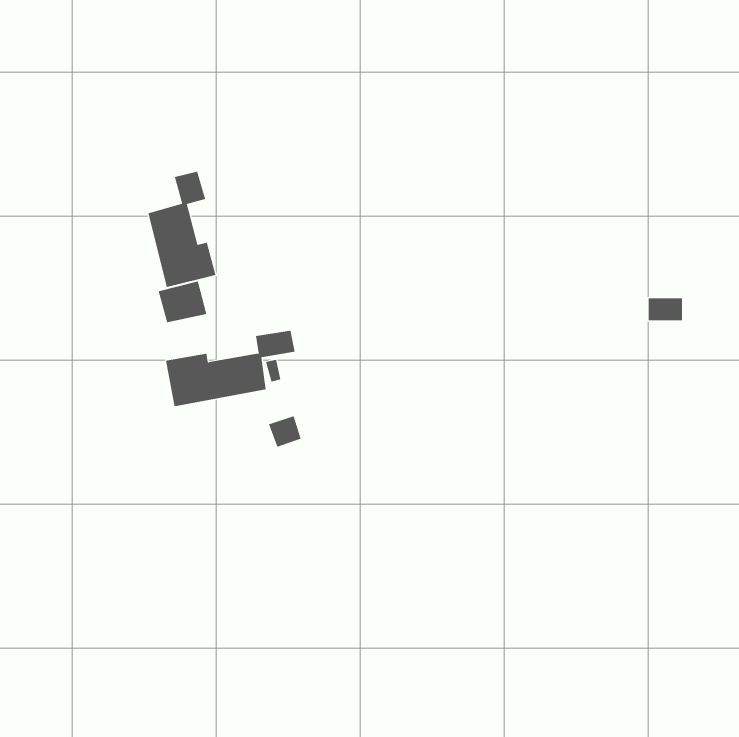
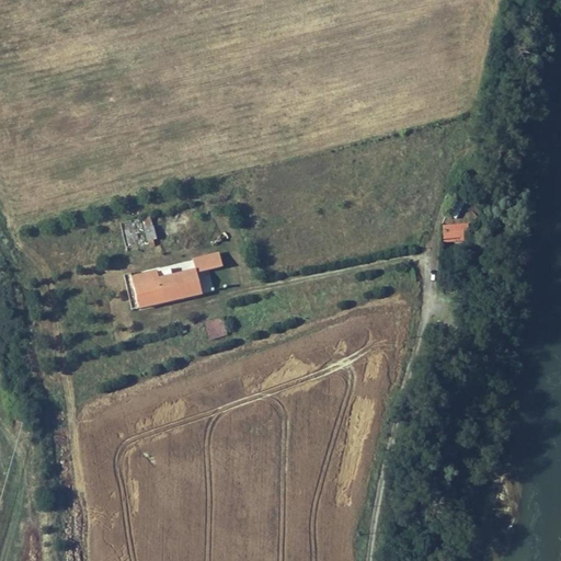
building: [148,171,216,288] -> none
building: [648,298,683,321] -> [444,222,470,240]

